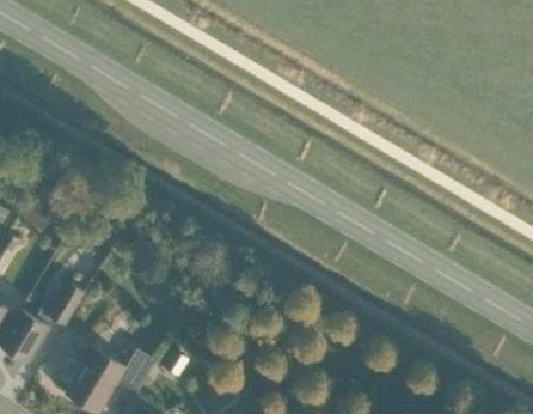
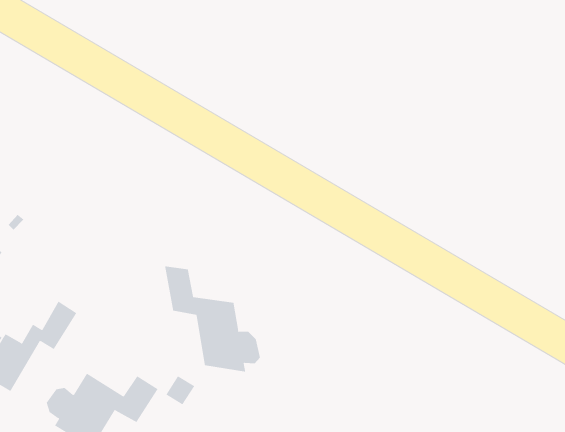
building: none -> [164,265,260,372]

